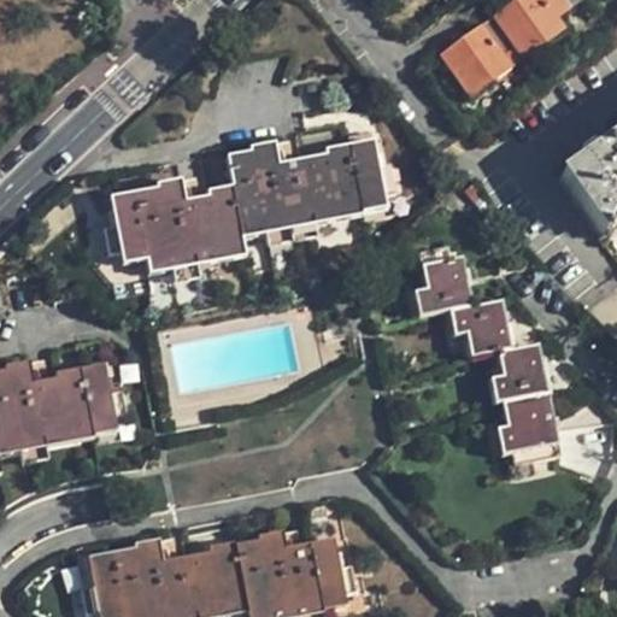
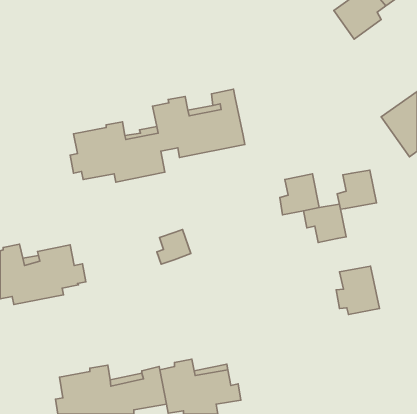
building: [441,16,530,95] -> none
building: [347,140,395,200] -> none
building: none -> [157,230,191,264]
building: [489,345,547,402] -> [337,170,376,209]

